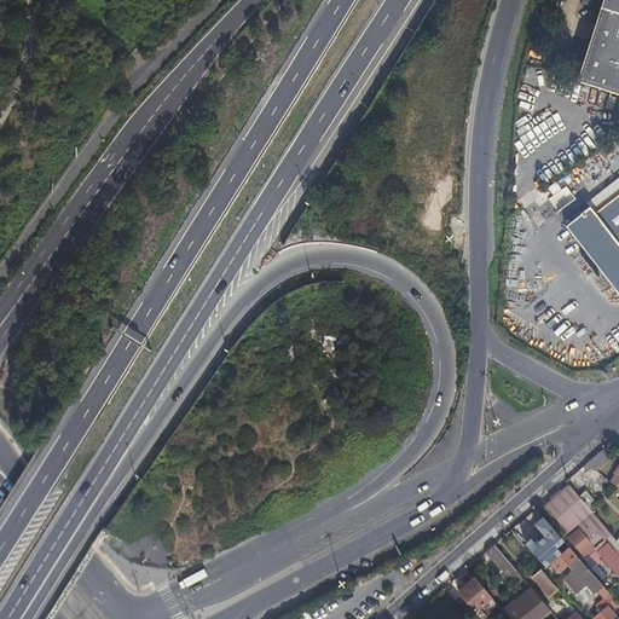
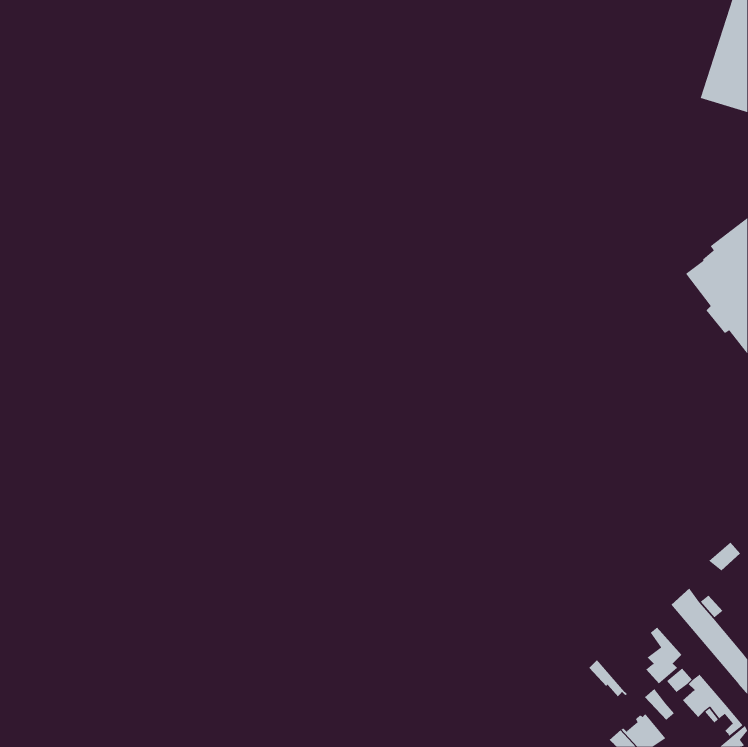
building: [543,499,609,582] -> none
building: [458,578,497,611] -> none

